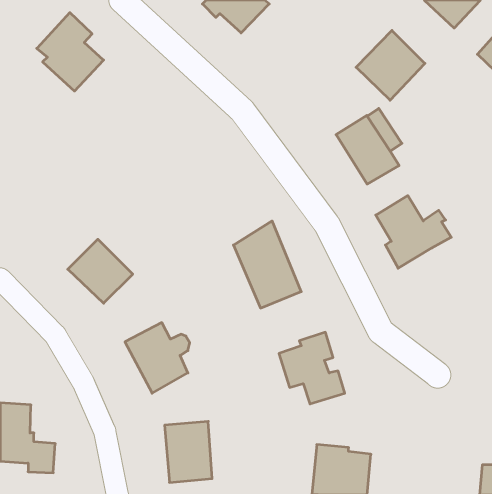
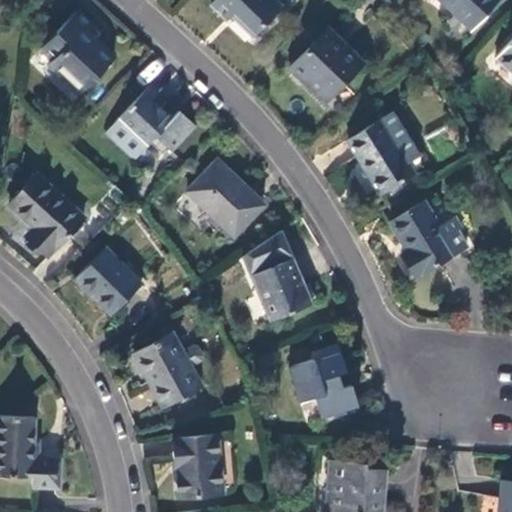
building: [356,30,425,100] -> [290,30,361,102]
building: none -> [117,87,195,152]
building: none -> [188,162,263,236]
building: none -> [9,177,84,253]

